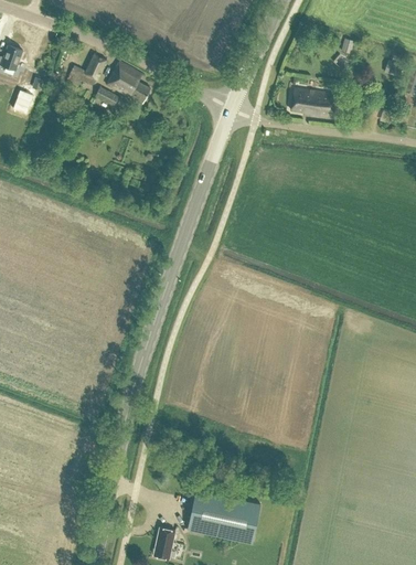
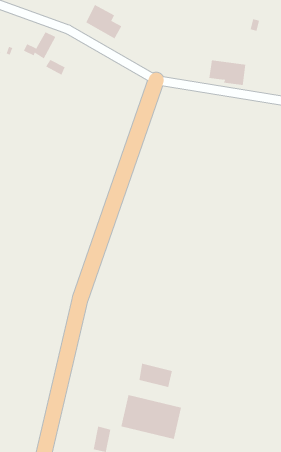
building: [106,61,150,103] -> [85,4,122,39]
building: none -> [139,363,173,388]

